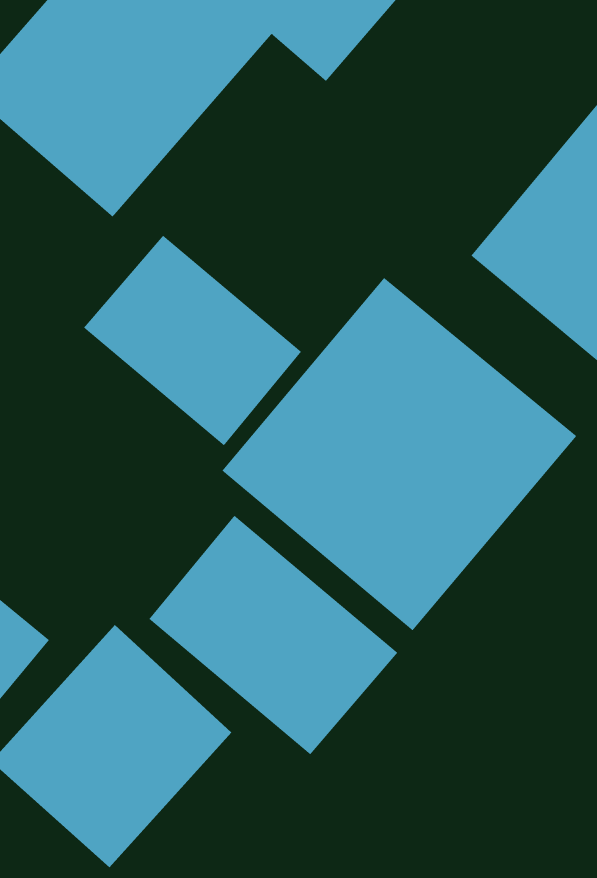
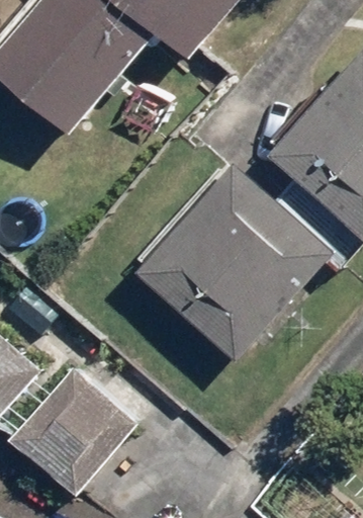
building: [83,235,302,446] -> none
building: [149,515,398,755] -> none

